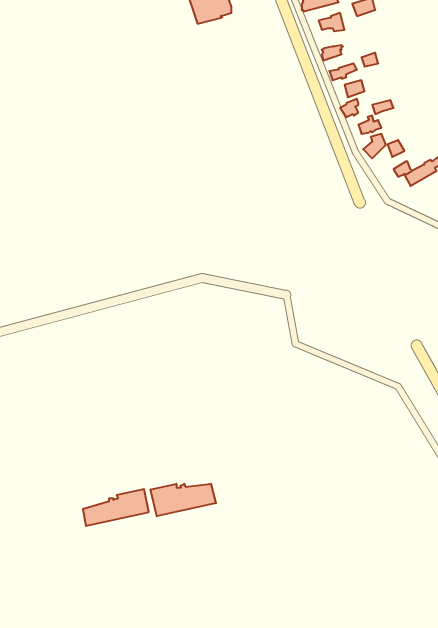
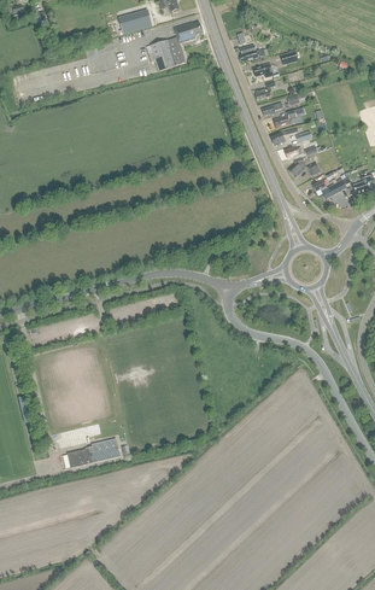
building: [151,484,216,516] -> none

